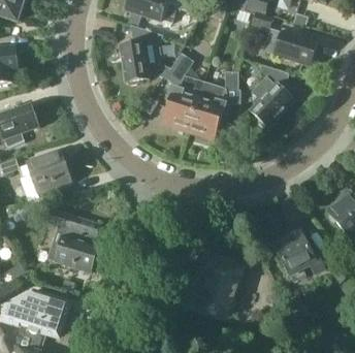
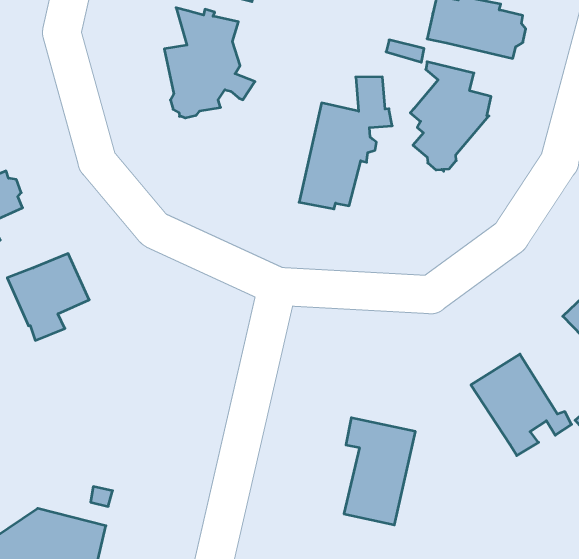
building: [163,54,204,134] -> none
building: [50,207,100,270] -> none

